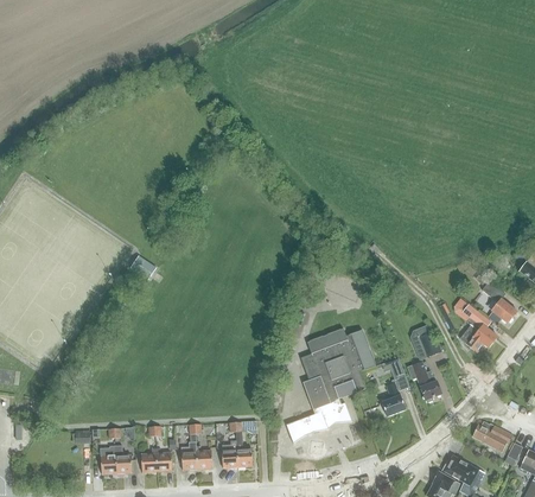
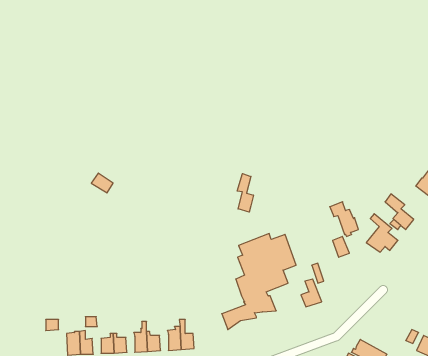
building: none -> [237,174,253,212]
building: [407,361,441,402] -> [330,202,358,236]
building: [472,420,512,451] -> none

